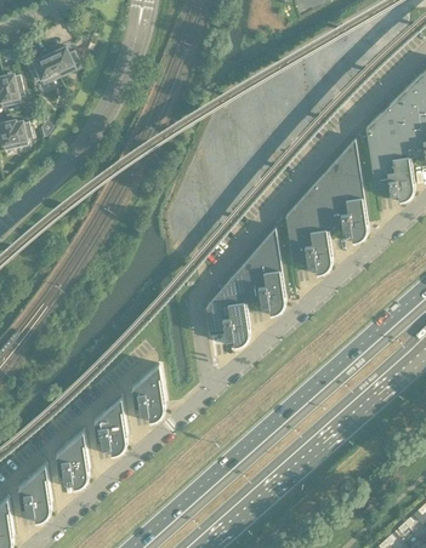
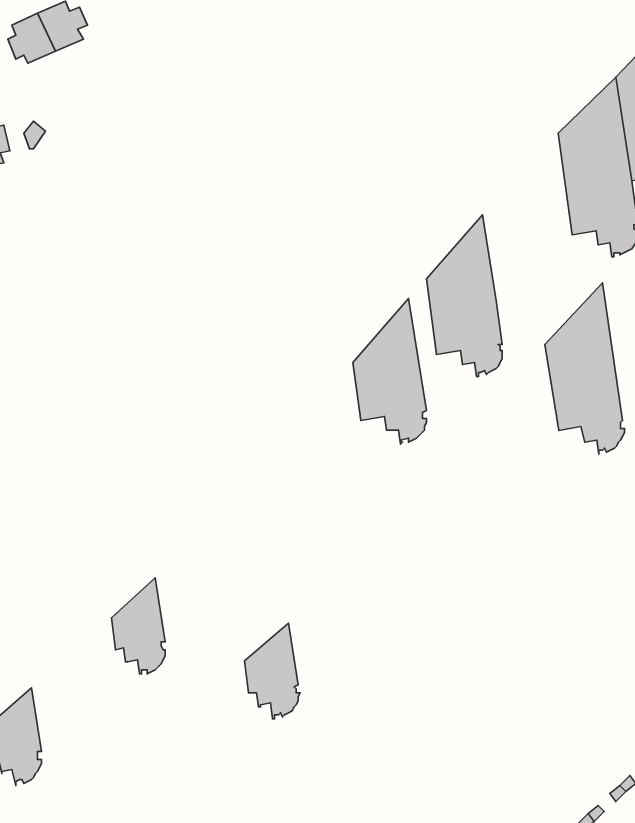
building: [319,139,368,244] -> [545,283,625,454]
building: [205,267,250,348] -> none
building: [131,365,165,423] -> [244,623,300,719]
building: [56,432,89,490] -> none

